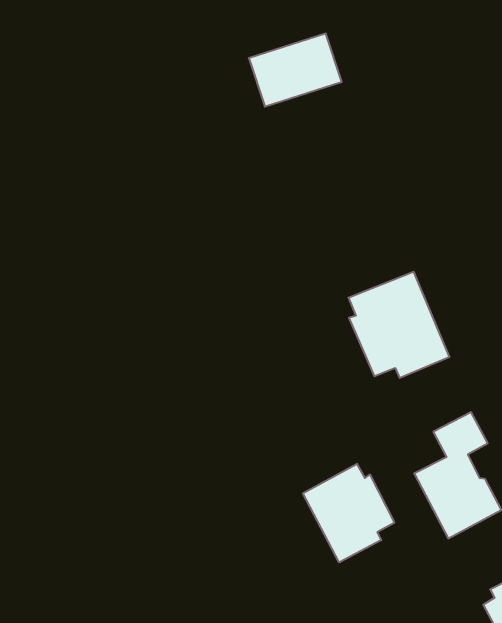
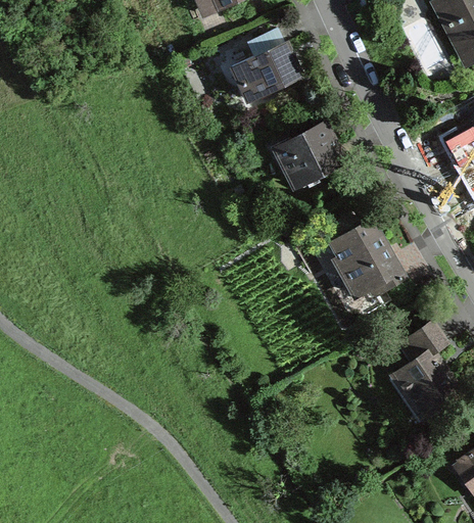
building: none -> [270,120,342,192]
building: [303,464,394,562] -> none

